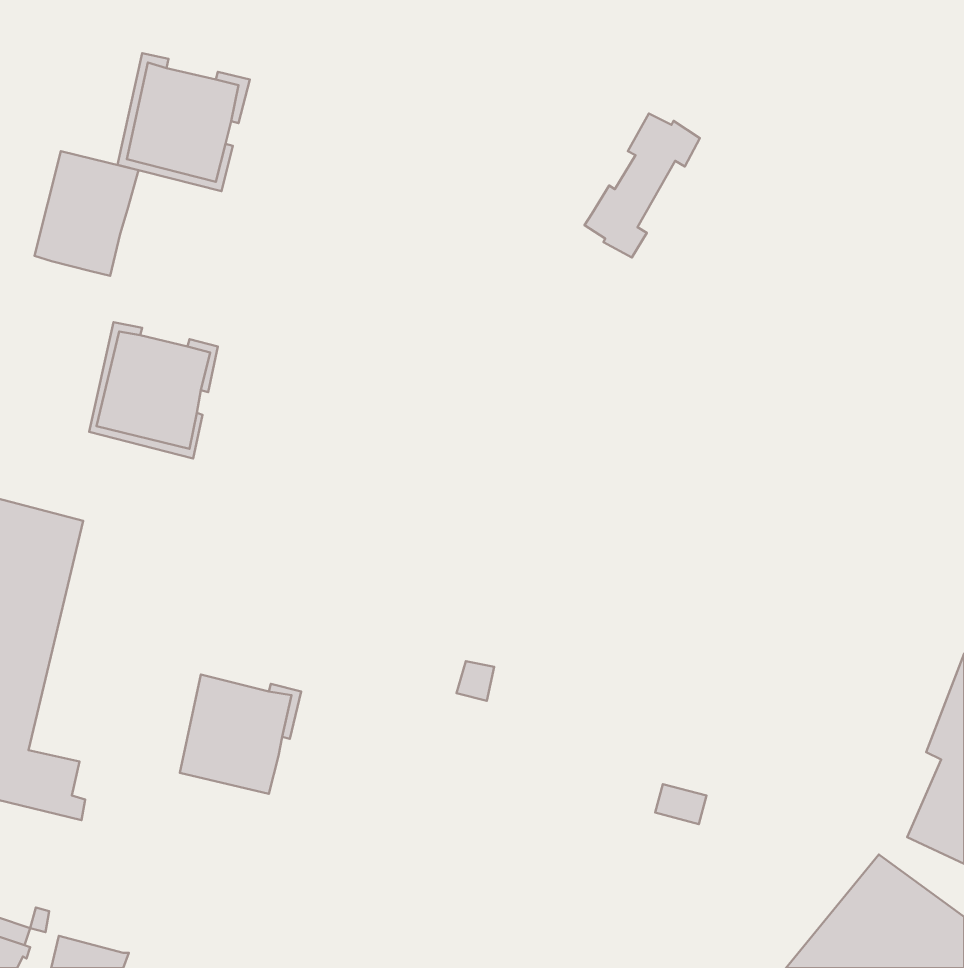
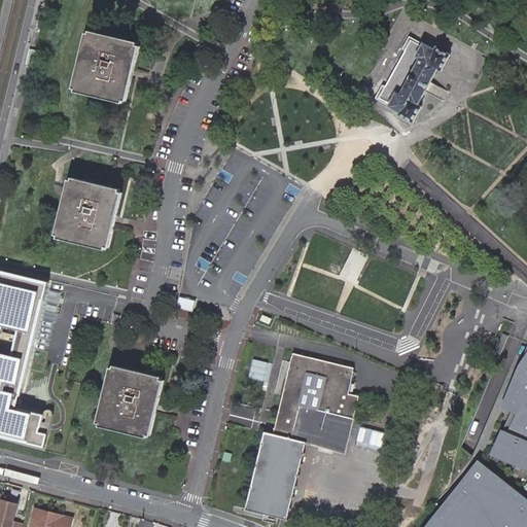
building: [584,113,700,257] -> [380,40,443,118]
building: [35,151,138,276] -> none
building: none -> [243,355,356,522]
building: none -> [94,361,155,436]

